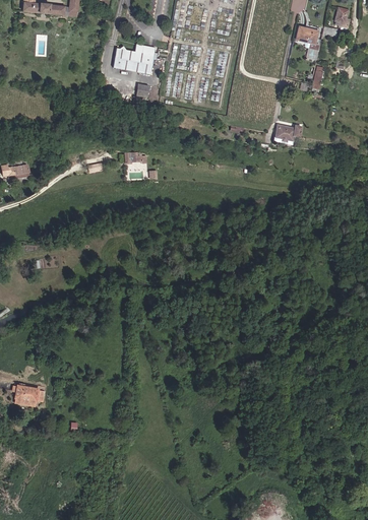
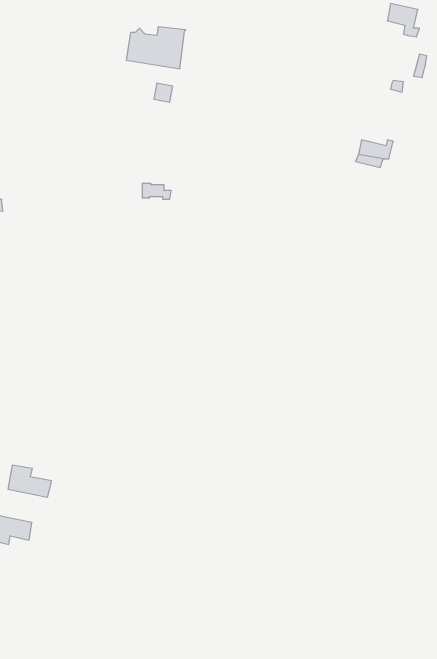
building: none -> [8,465,51,497]

